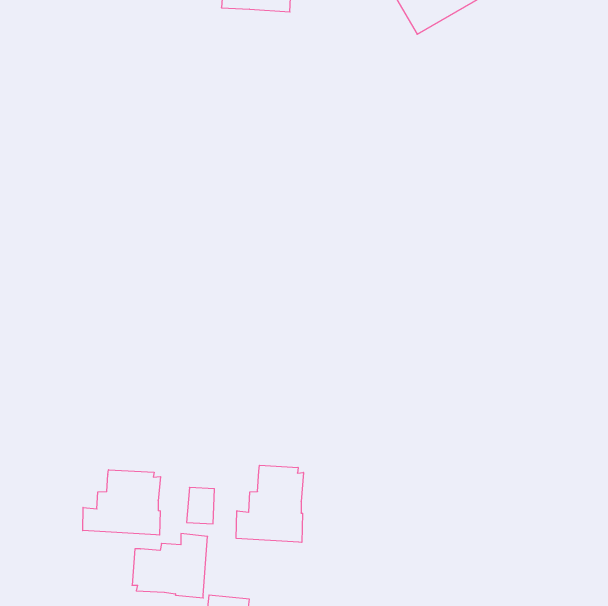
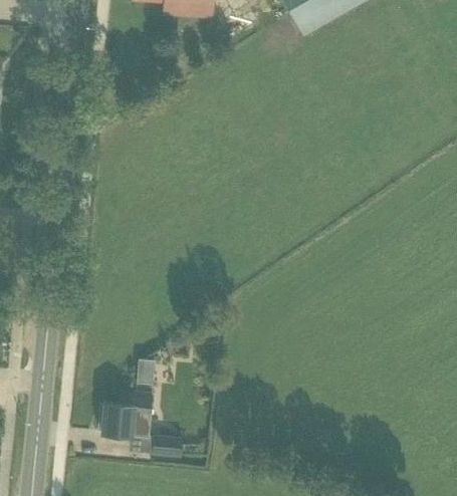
building: [236,465,303,542] -> none
building: [83,470,160,535] -> none

